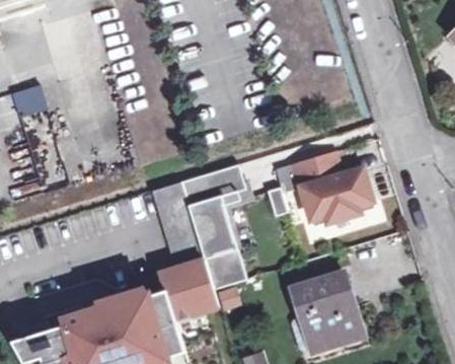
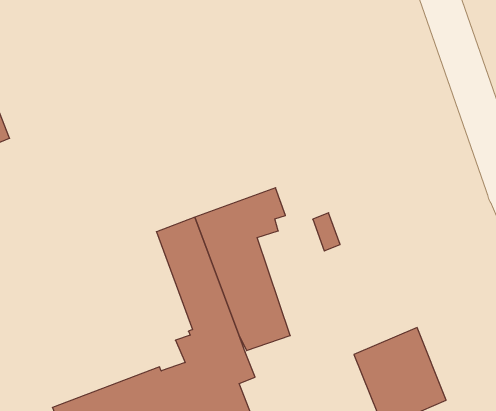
building: [297,150,375,219] -> none

